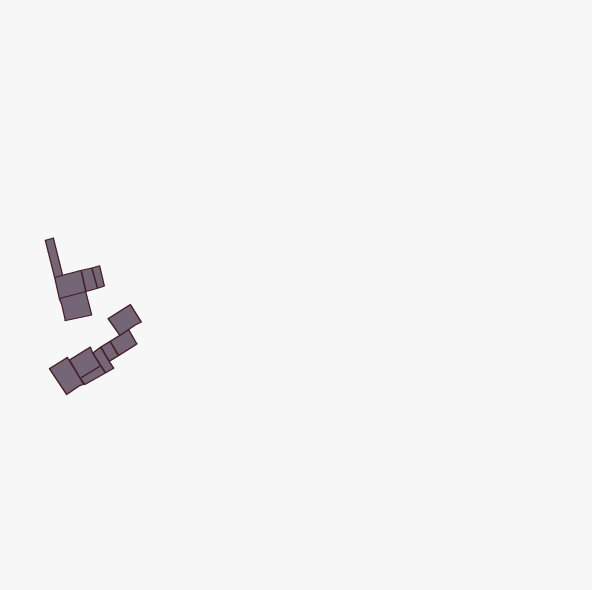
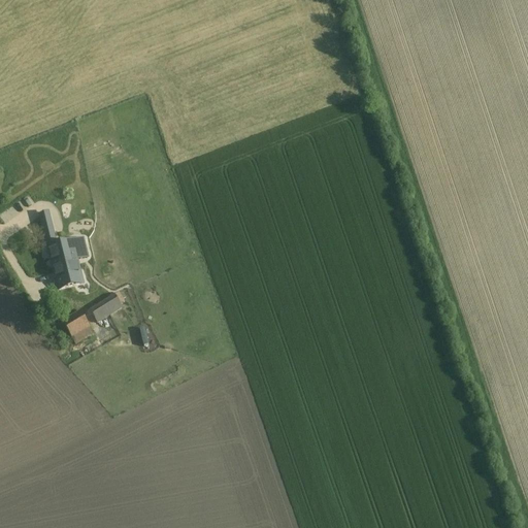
building: [108,305,141,335] -> none
building: [50,357,84,395] -> none

